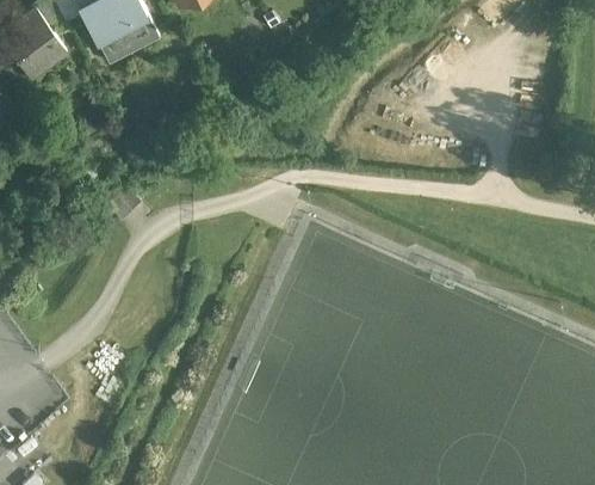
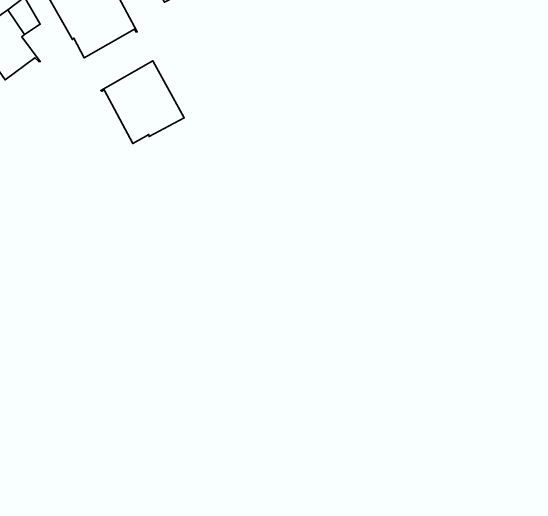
building: none -> [101,61,184,144]

